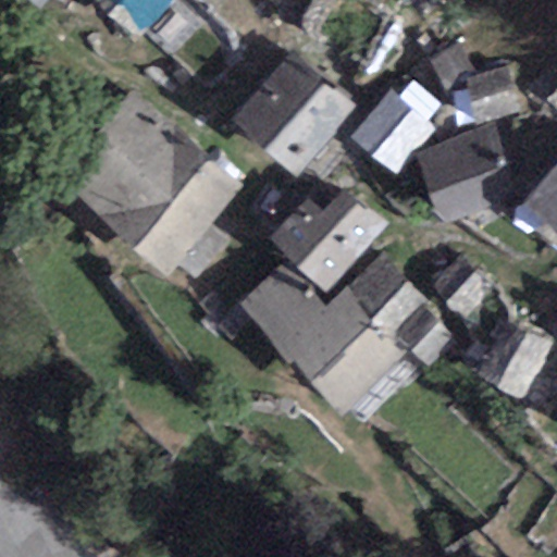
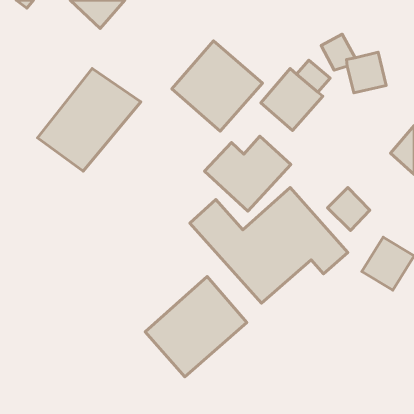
building: [413,134,509,225] -> none
building: [111,139,244,277] -> none
building: none -> [145,277,247,377]

